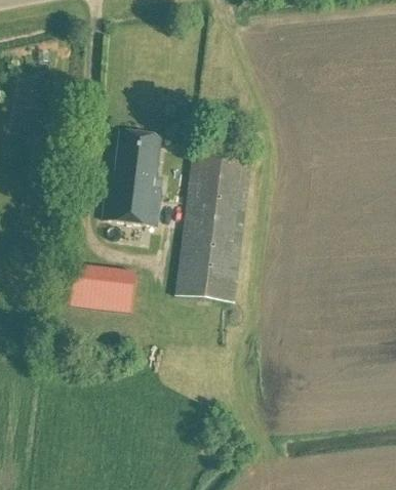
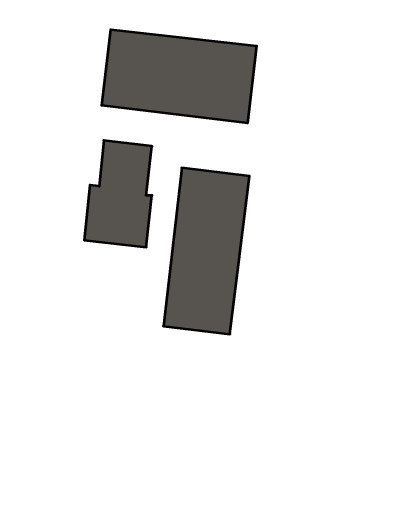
building: none -> [102,30,257,123]

